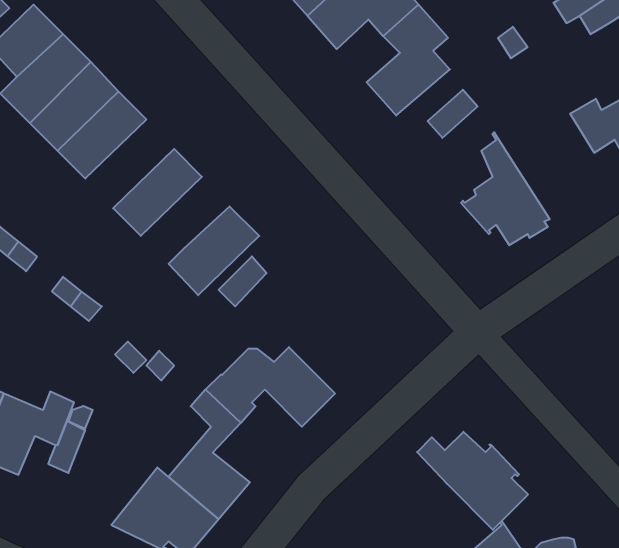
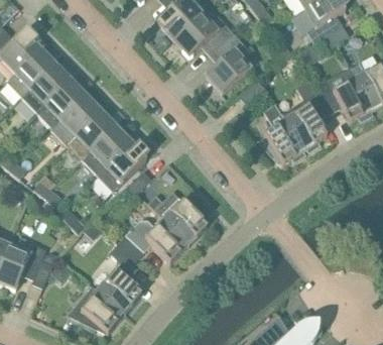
building: none -> [282,92,330,150]
building: none -> [51,95,101,144]
building: none -> [83,126,131,174]
building: [417,432,528,530] -> [147,191,208,244]

